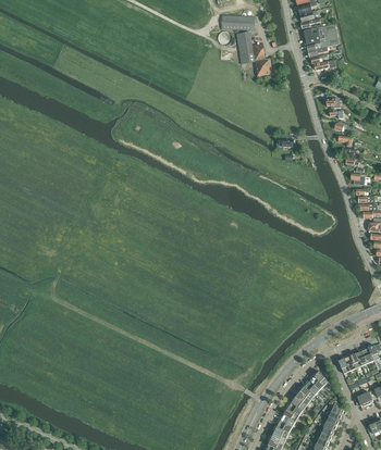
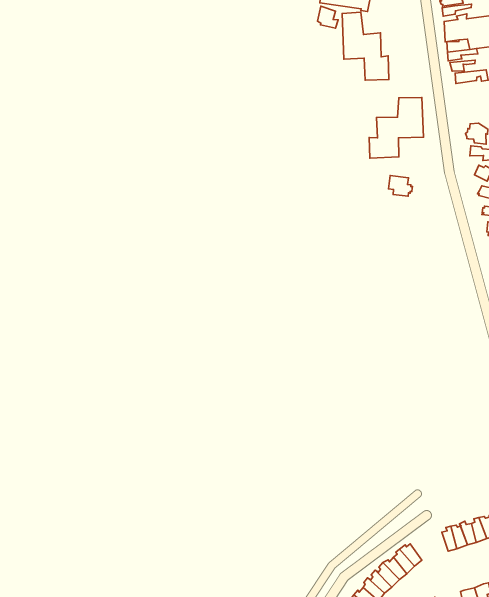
building: none -> [369,98,423,158]

